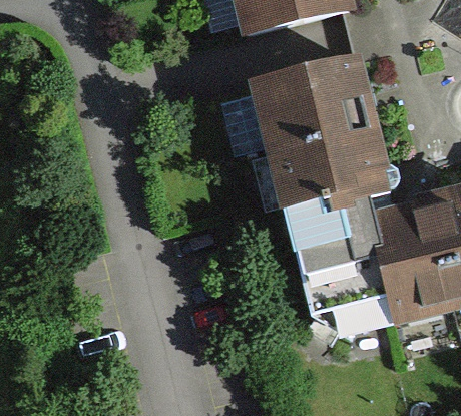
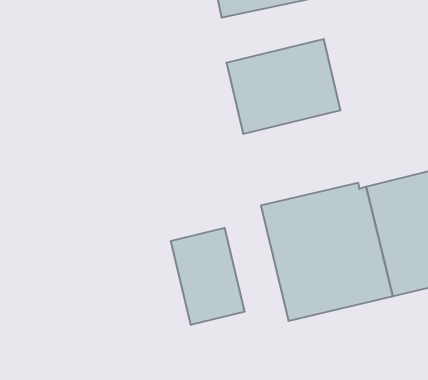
building: [271,125,388,223] -> none
building: none -> [171,228,245,325]

